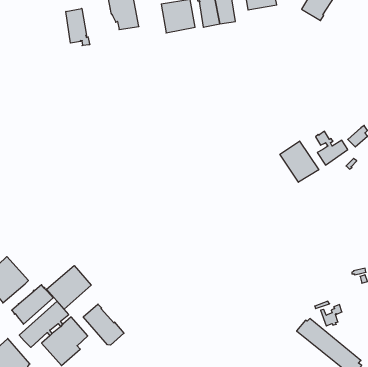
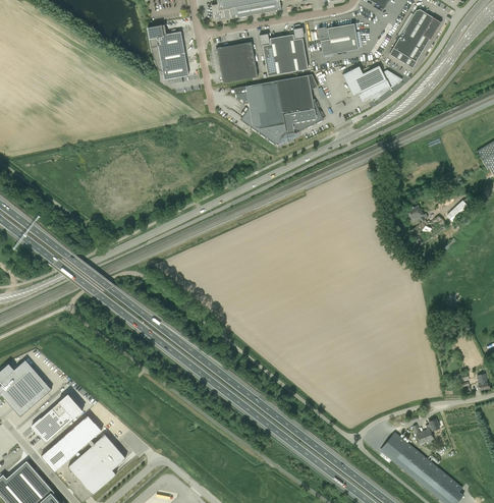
building: [66,8,90,46] -> none
building: none -> [342,65,402,102]
building: none -> [235,74,325,146]
building: [280,141,319,182] -> none
building: [46,266,91,309] -> none
building: [83,304,124,345] -> none

